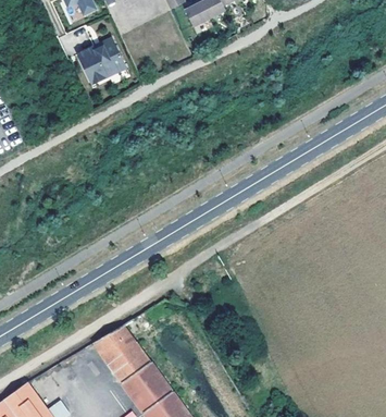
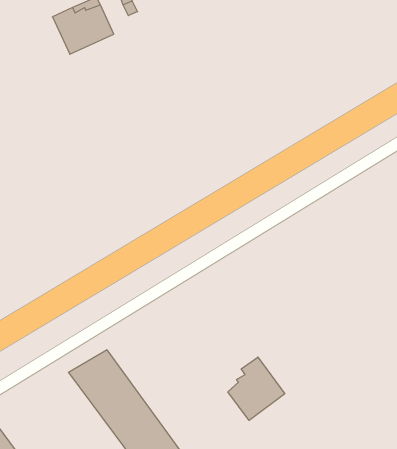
building: none -> [228,357,285,420]

